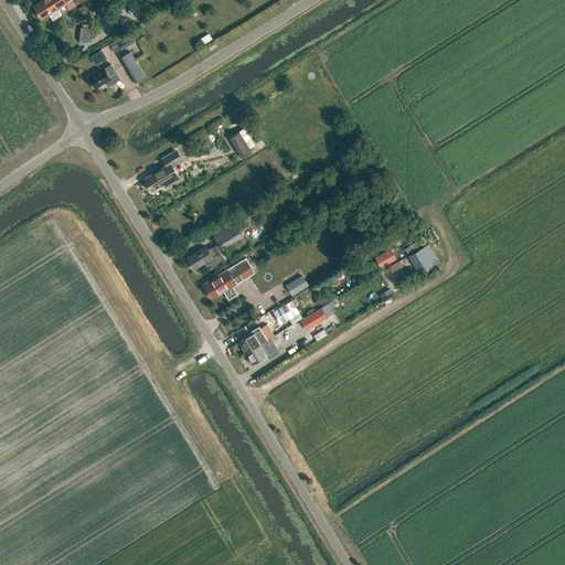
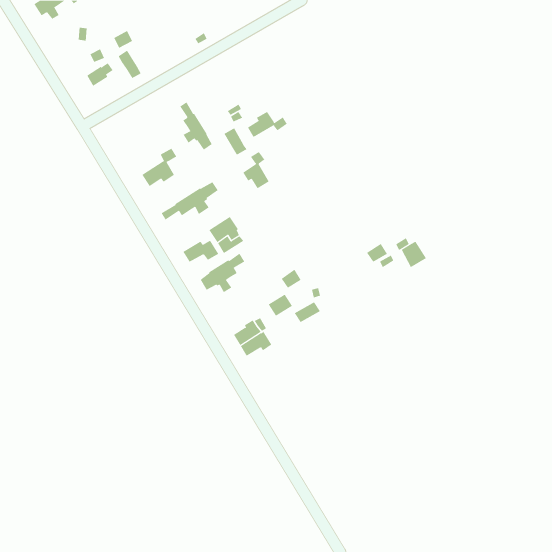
building: none -> [179,102,212,150]
building: none -> [247,111,287,138]
building: none -> [243,151,270,189]
building: none -> [161,182,219,220]

